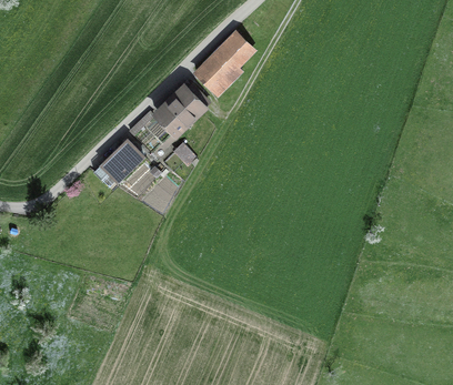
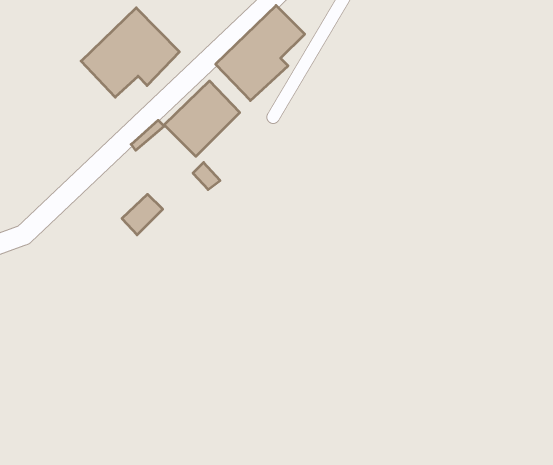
building: none -> [81,8,179,97]
building: [98,138,144,185] -> none

